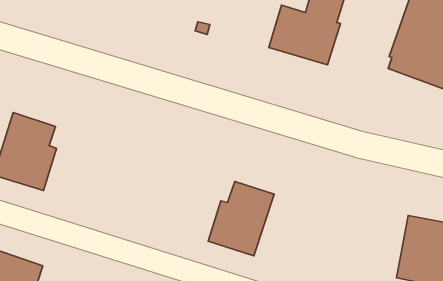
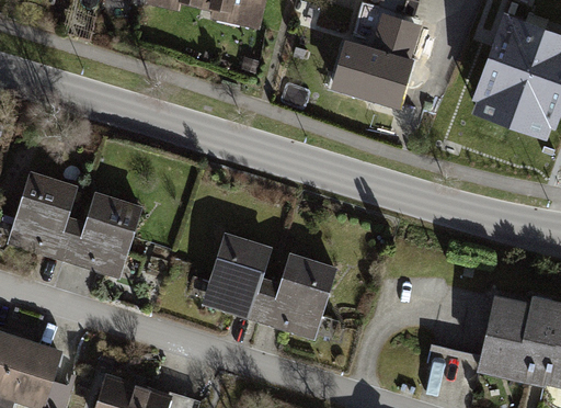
building: none -> [61,191,139,279]
building: none -> [198,230,273,321]

